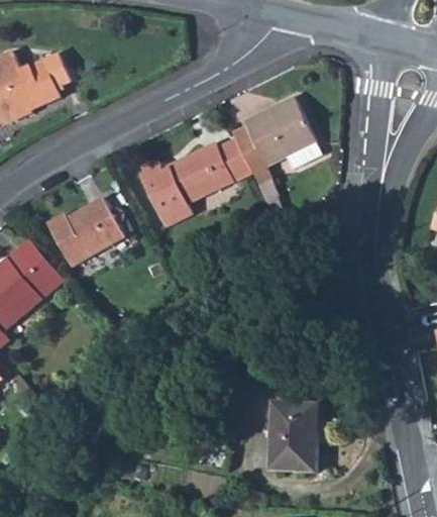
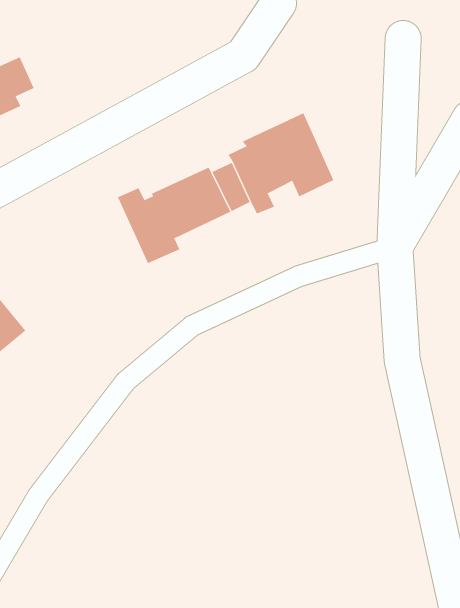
building: [45,197,124,266] -> none
building: [269,401,319,471] -> none

